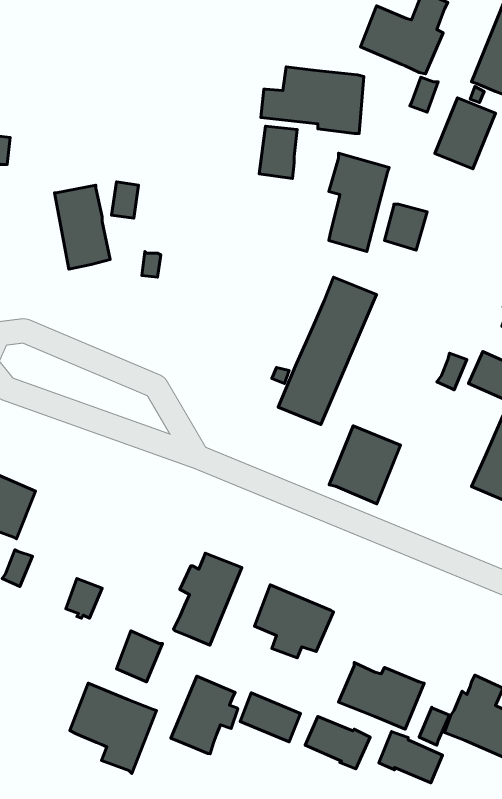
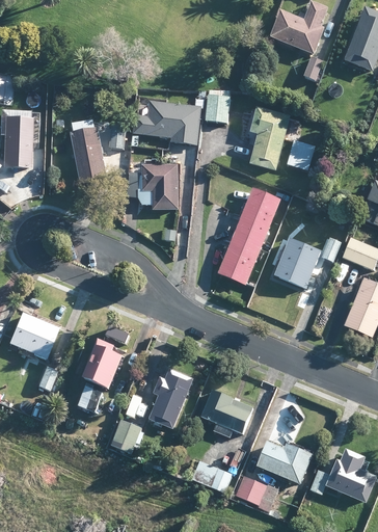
building: [261,67,364,133] -> [133,100,200,143]
building: [435,98,495,169] -> none
building: none -> [142,163,179,209]
building: [329,426,401,504] -> [274,237,321,288]
building: none -> [82,338,123,388]
building: [171,676,238,754] -> none
building: [70,683,156,774] -> none
building: [379,732,442,783] -> none

